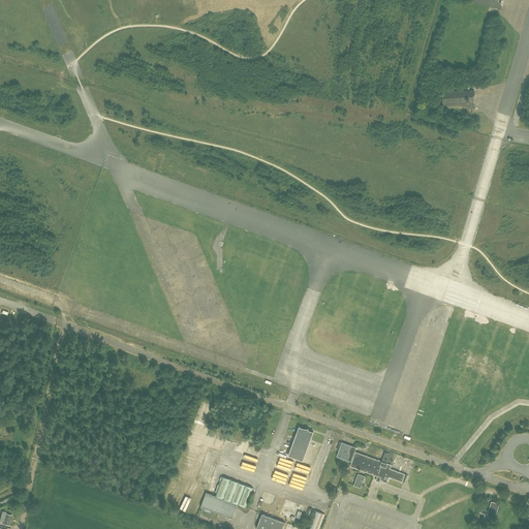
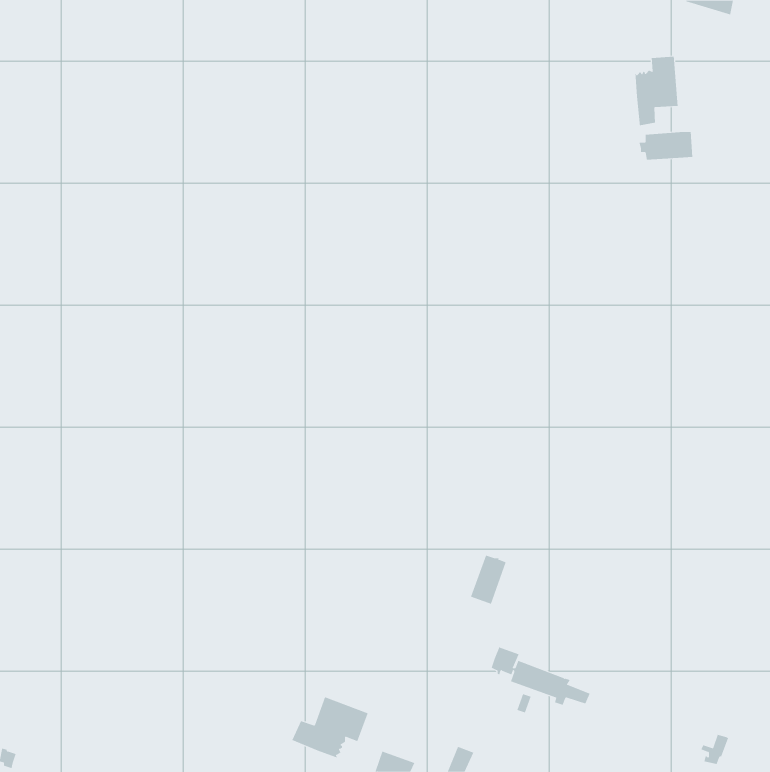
building: none -> [635,56,678,126]
building: [287,427,312,461] -> [470,555,507,605]

